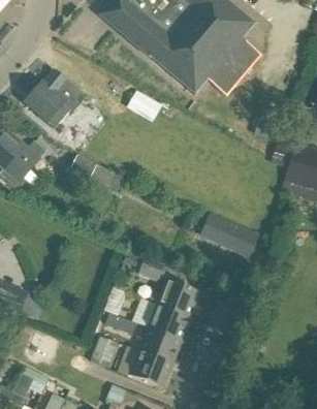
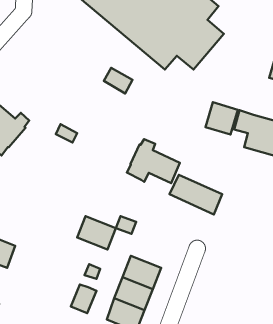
building: [25,70,85,127] -> none
building: none -> [205,102,238,135]
building: none -> [127,139,180,183]
building: [156,279,199,316] -> [77,216,116,249]

